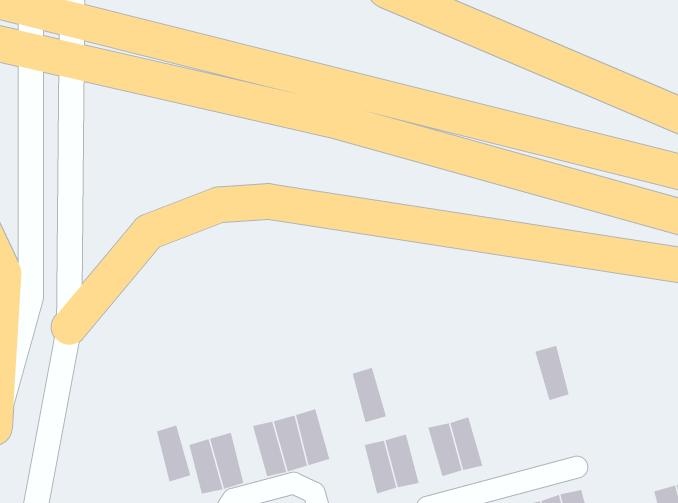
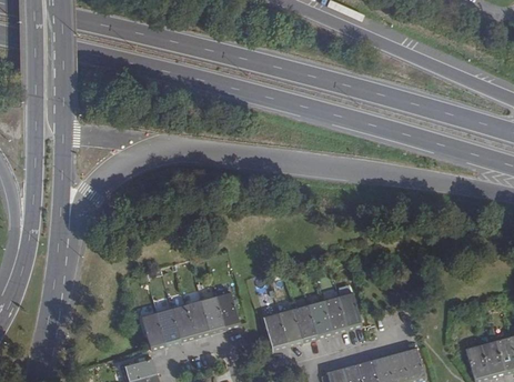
building: [535,345,570,401] -> [337,292,362,331]
building: [352,367,387,423] -> [294,304,319,343]
building: [156,425,191,482] -> [172,303,196,343]

